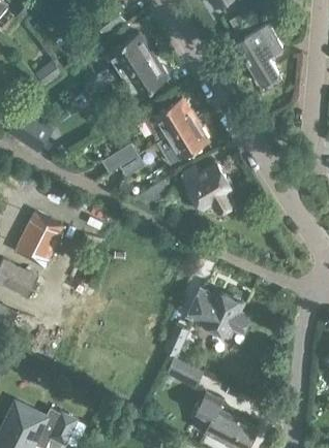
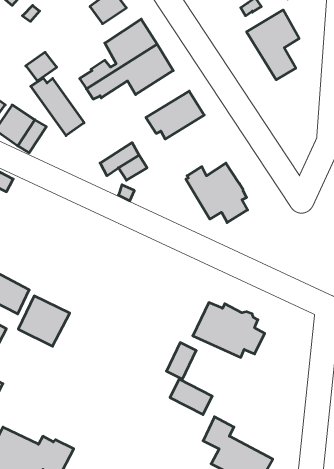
building: none -> [31,78,84,136]
building: [161,119,210,161] -> none
building: [17,217,63,262] -> [18,296,70,346]

